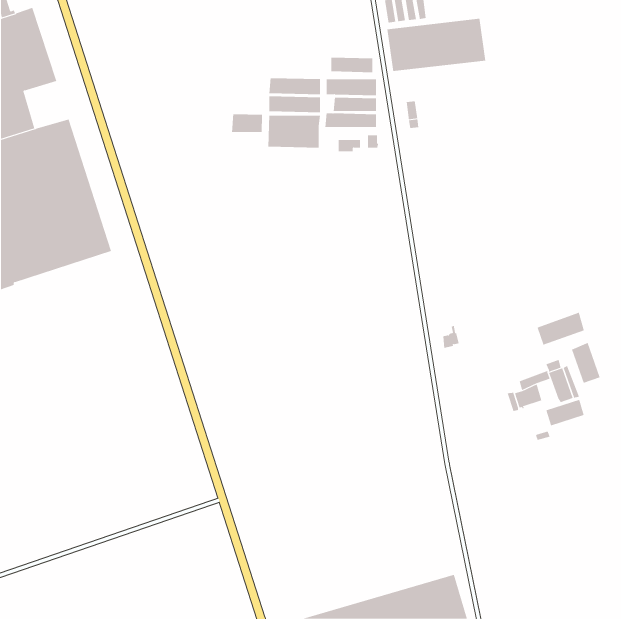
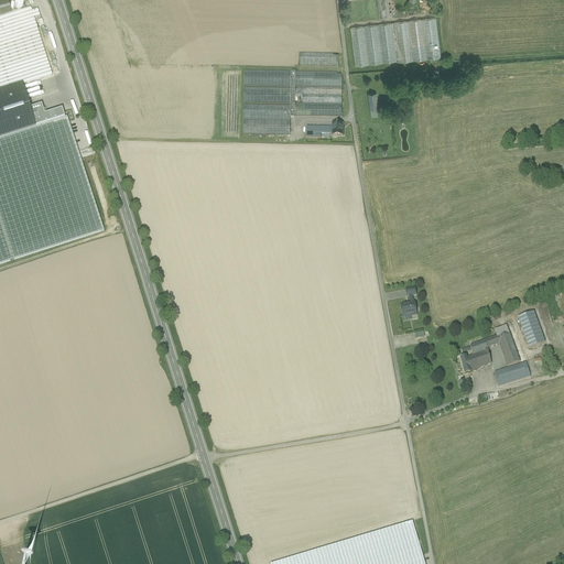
building: [231,113,262,133] -> none
building: [537,312,584,345] -> none

